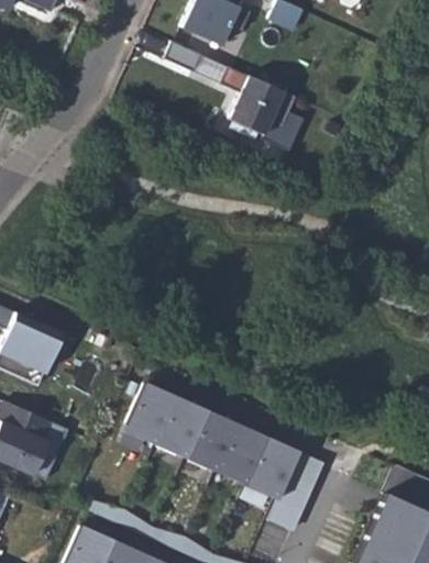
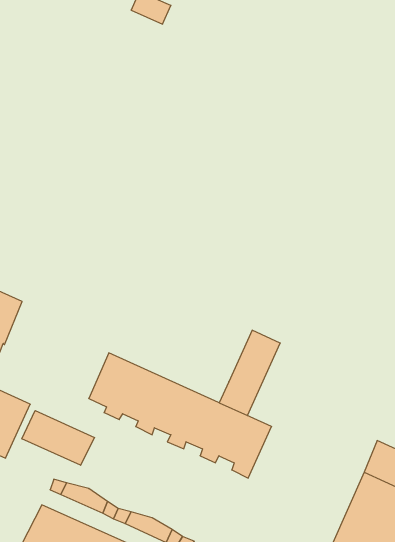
building: [221,67,297,135] -> none
building: none -> [22,411,95,465]
building: [266,451,323,531] -> [219,330,280,416]

